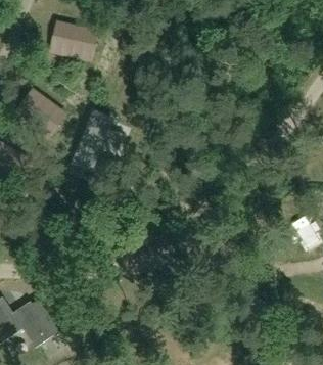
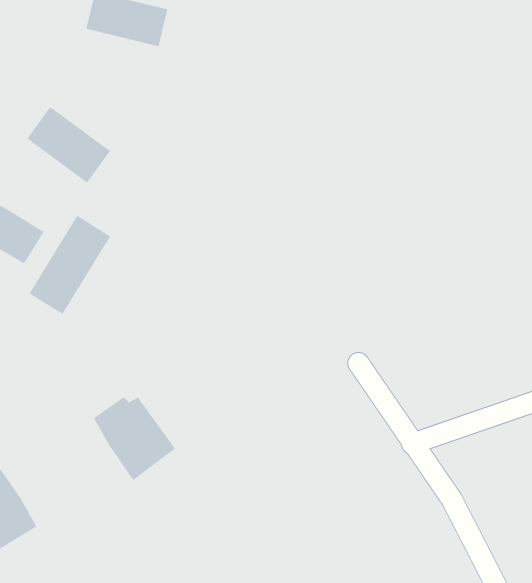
building: none -> [29,215,111,315]
building: [13,300,60,348] -> [93,396,176,481]

